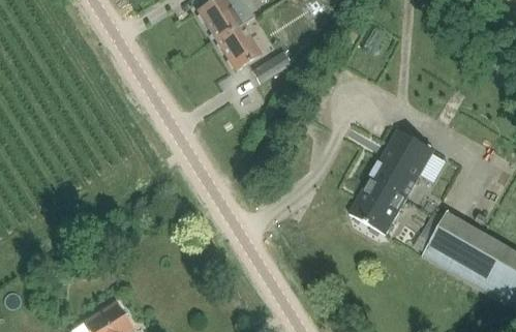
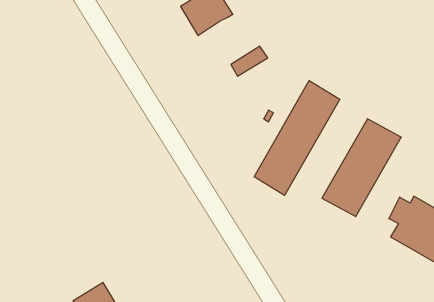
building: [217,24,261,69] -> none
building: none -> [254,81,340,195]

